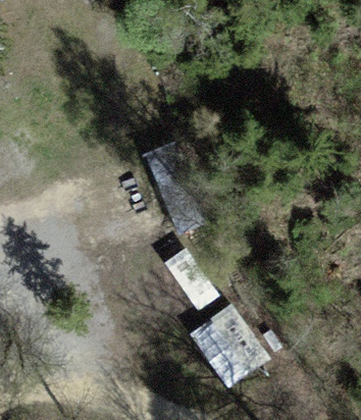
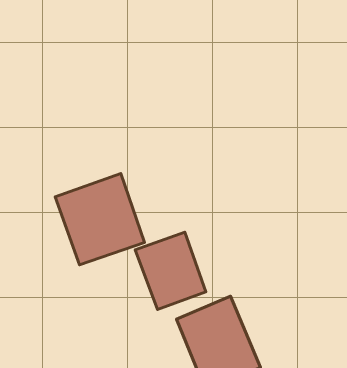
building: none -> [55,173,144,265]

